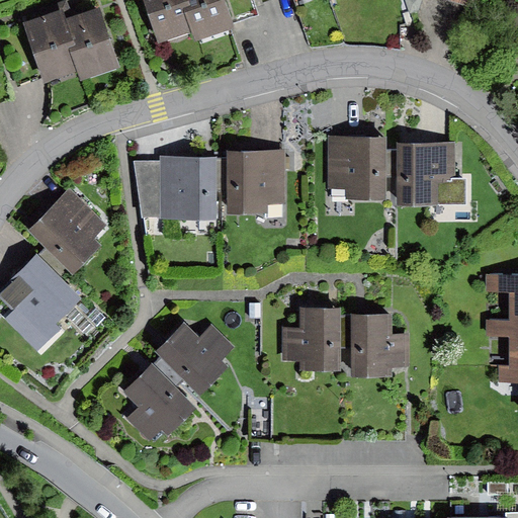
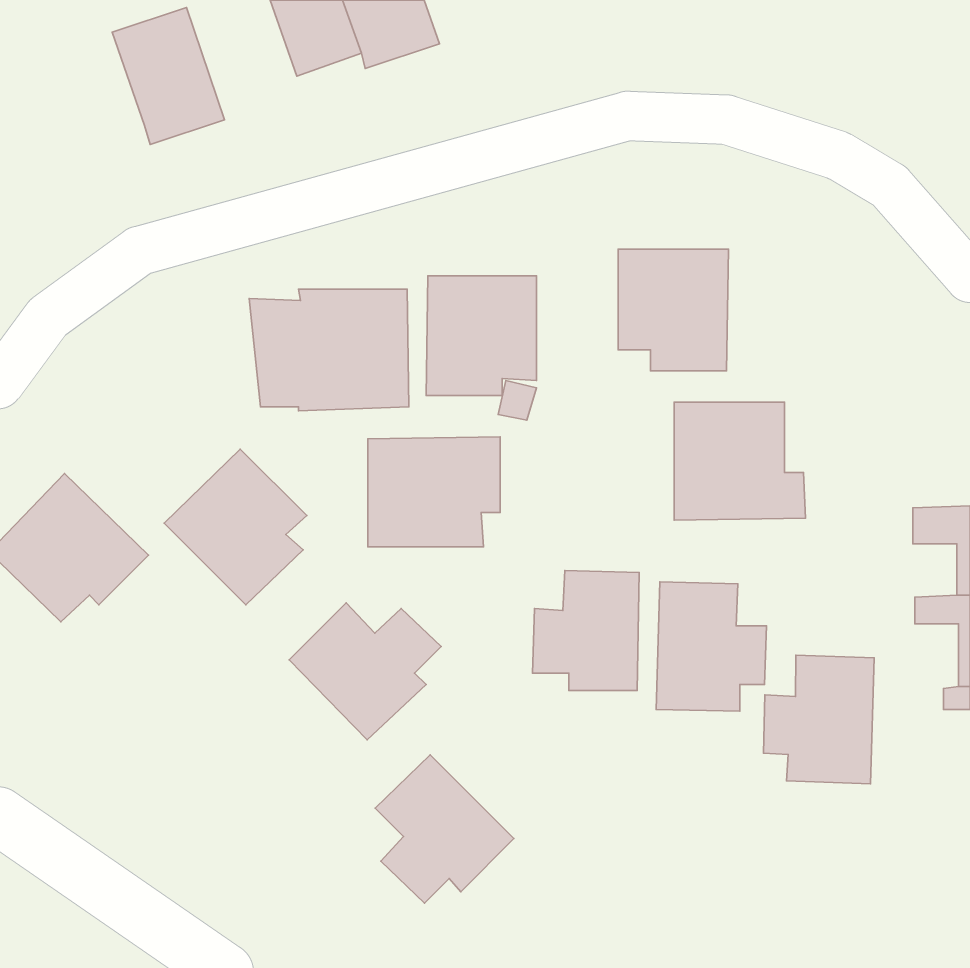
building: [23,9,77,80] -> none
building: [397,142,466,204] -> [674,402,806,520]
building: [28,190,104,273] -> [164,449,307,605]
building: none -> [368,437,500,547]
building: none -> [763,655,874,784]
building: [122,362,196,441] -> [375,755,514,903]

